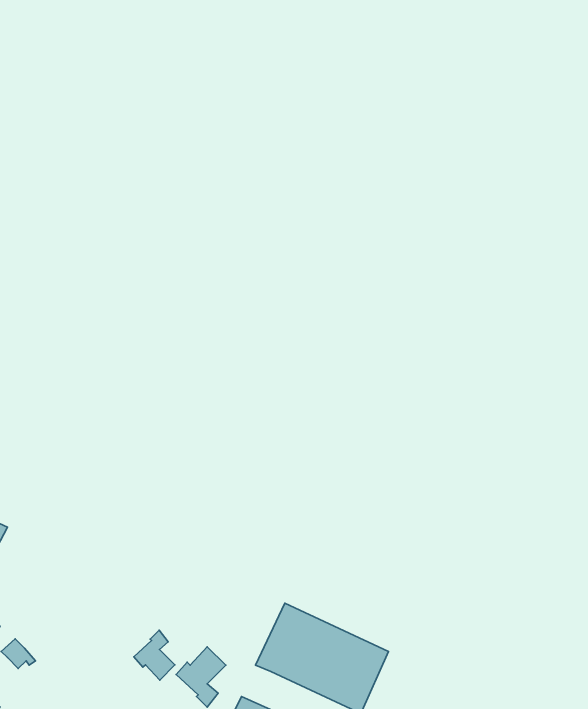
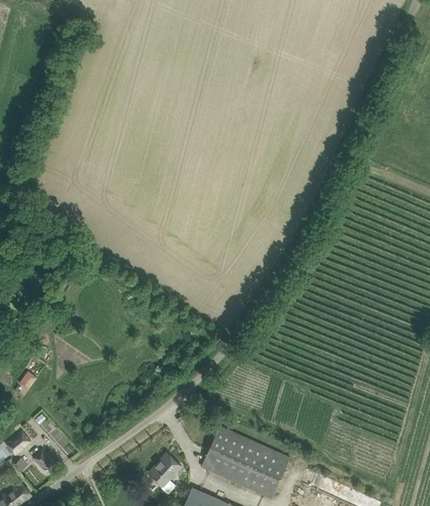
building: [134,630,175,680] -> none

